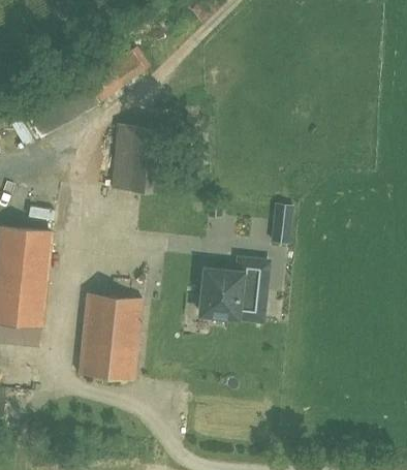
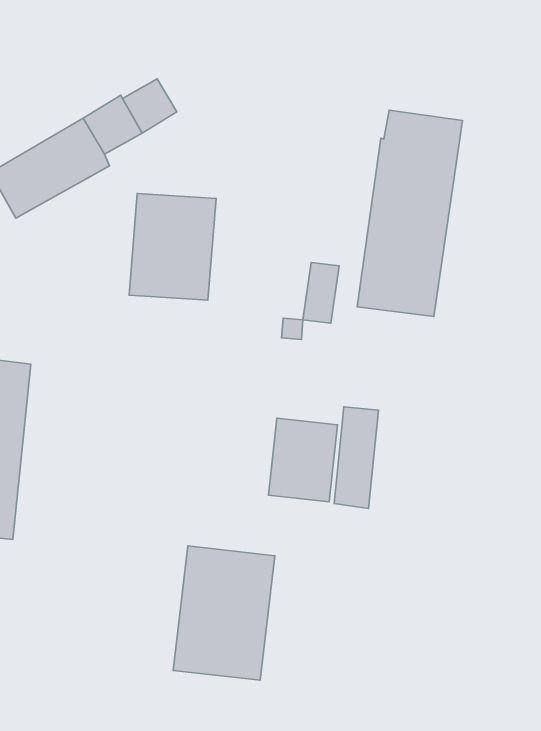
building: none -> [357,110,463,316]
building: [270,206,292,244] -> [303,263,339,323]
building: [79,295,143,380] -> [173,546,275,680]

